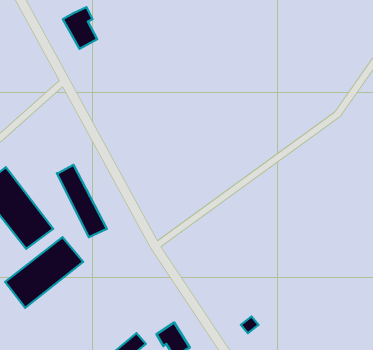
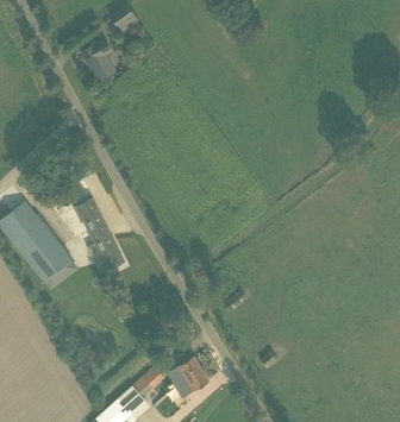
building: [5,237,83,308] -> none

